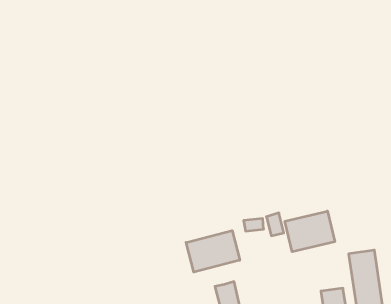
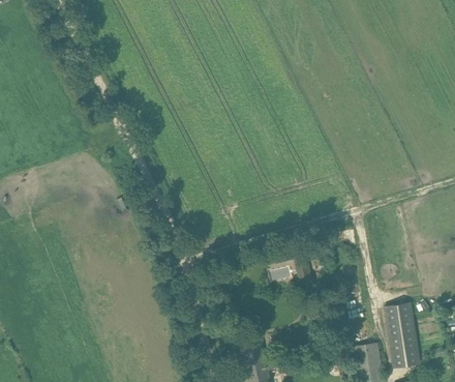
building: [285,211,335,252] -> none
building: [186,231,240,272] -> none

